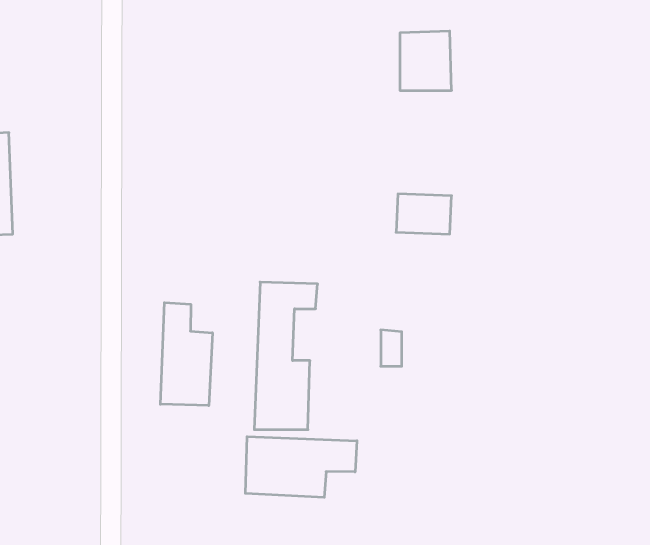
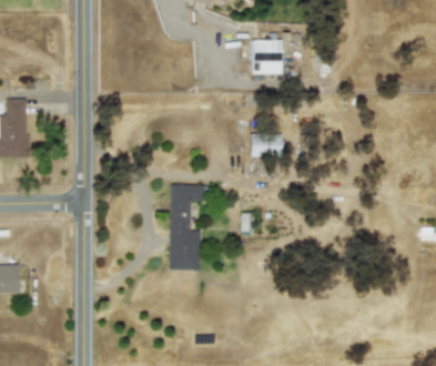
building: [160,303,212,406] -> none
building: [245,437,357,497] -> none

